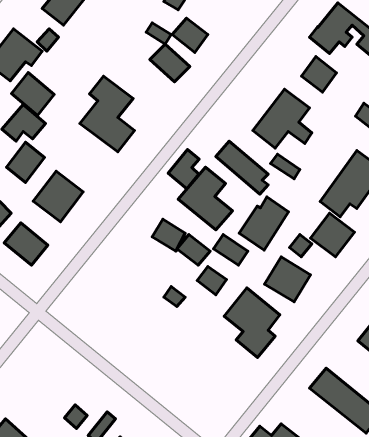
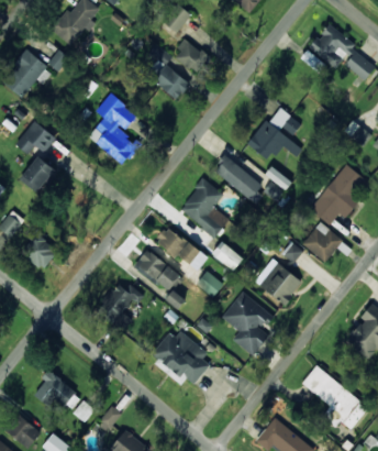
building: [302,57,337,92] -> none
building: [11,73,54,116] -> none
building: [168,149,199,189] -> none
building: [33,171,83,222] -> none
building: [239,197,289,250] -> none
building: none -> [133,249,180,289]
building: none -> [97,278,140,330]
building: none -> [151,331,210,384]
building: none -> [34,368,81,409]

